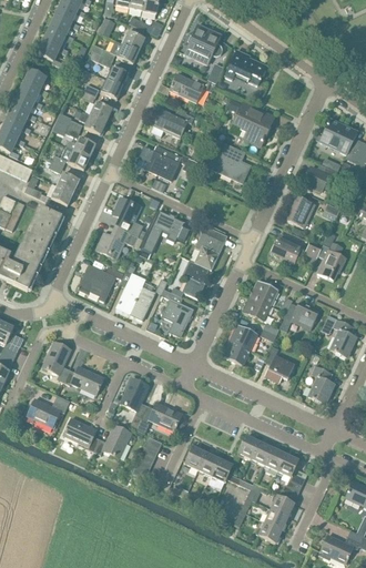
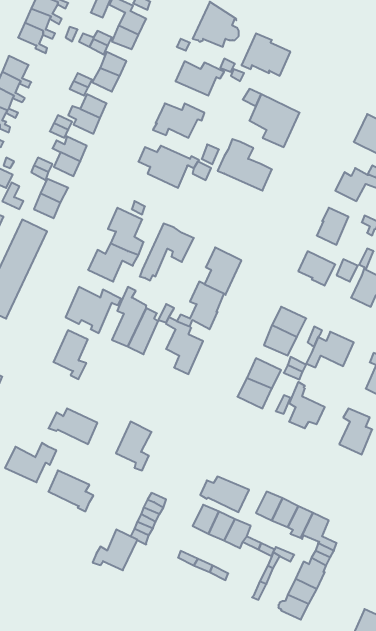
building: [42,341,71,382] -> [53,330,88,379]
building: [142,402,183,432] -> [200,477,249,512]
building: [94,424,132,458] -> [93,529,137,570]

